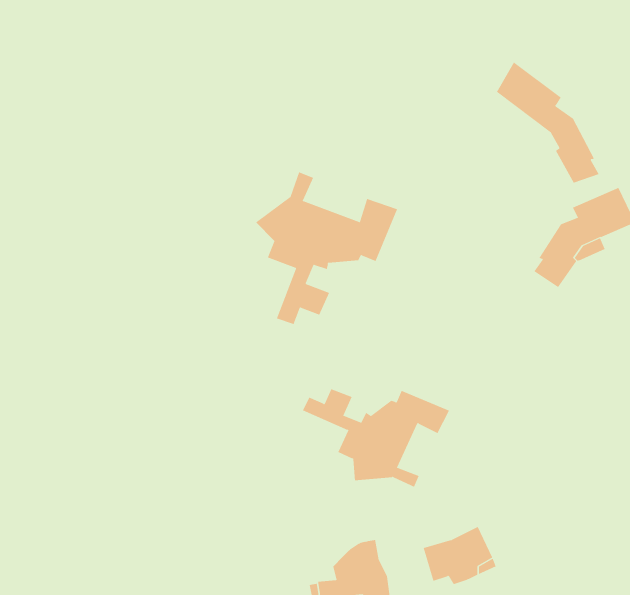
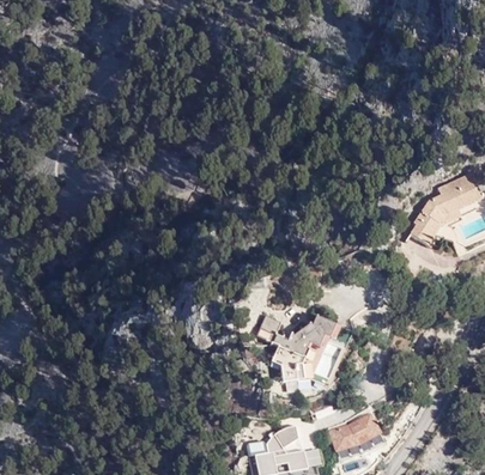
building: [496,62,600,184] -> none
building: [255,172,398,325] -> none

